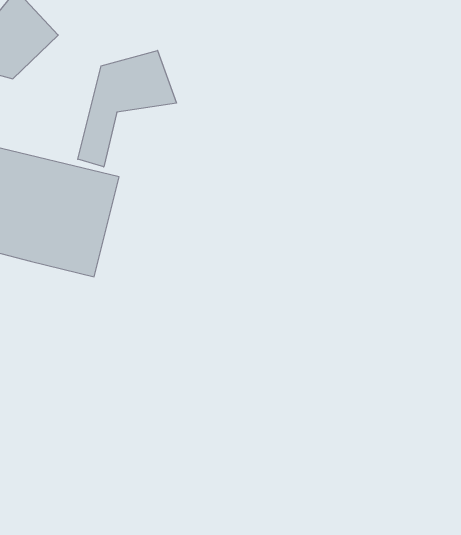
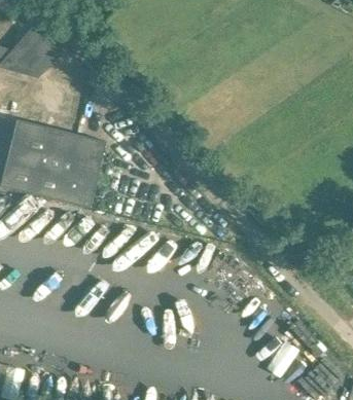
building: [78,50,176,167] -> none

